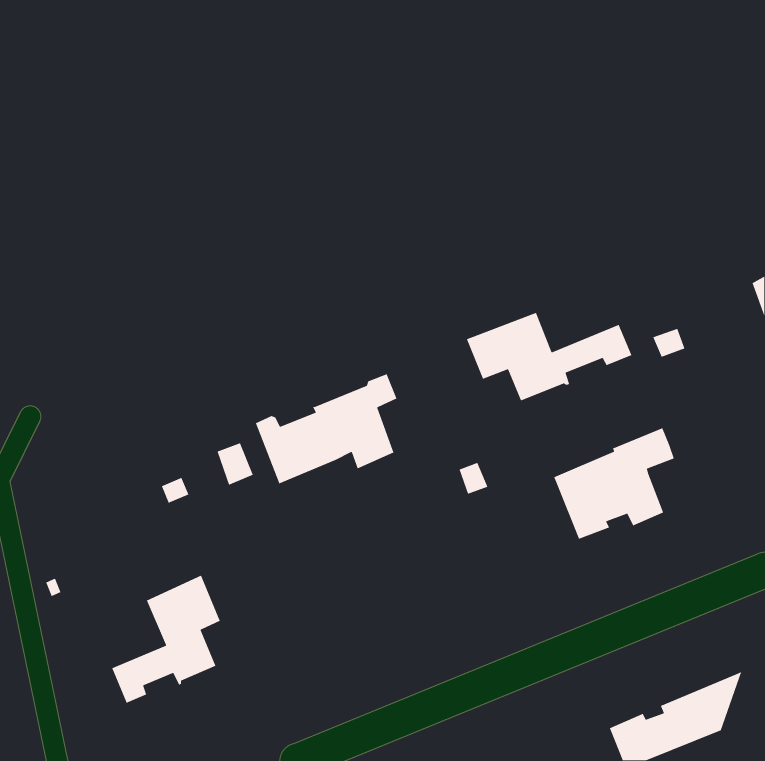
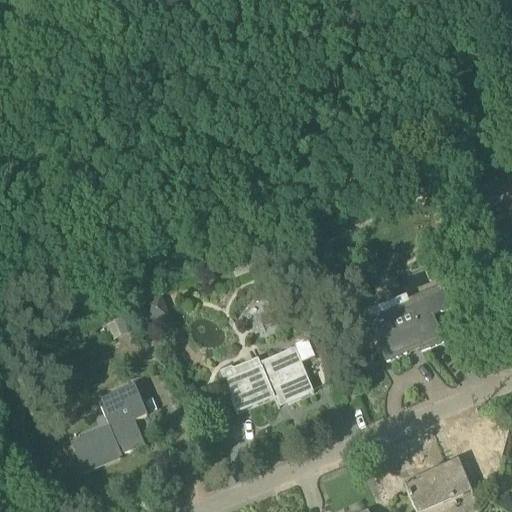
building: [466,312,632,402] -> none
building: [255,373,398,484] -> [219,338,314,412]

